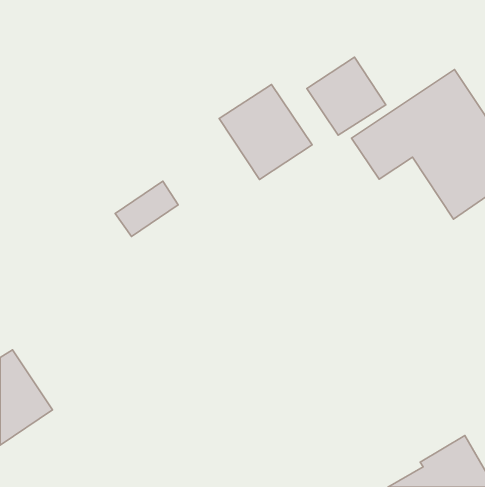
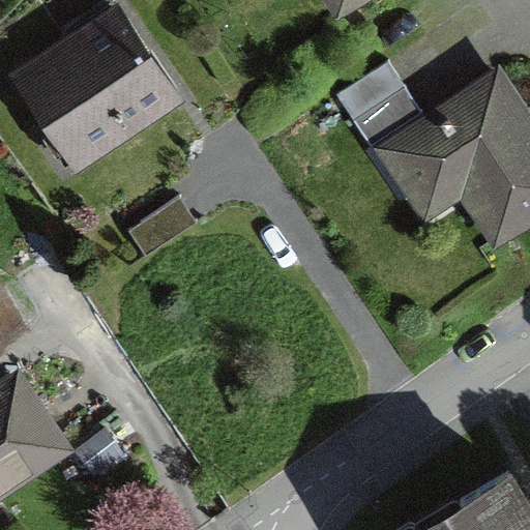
building: none -> [25,13,168,158]
building: [219,85,312,180] -> none

